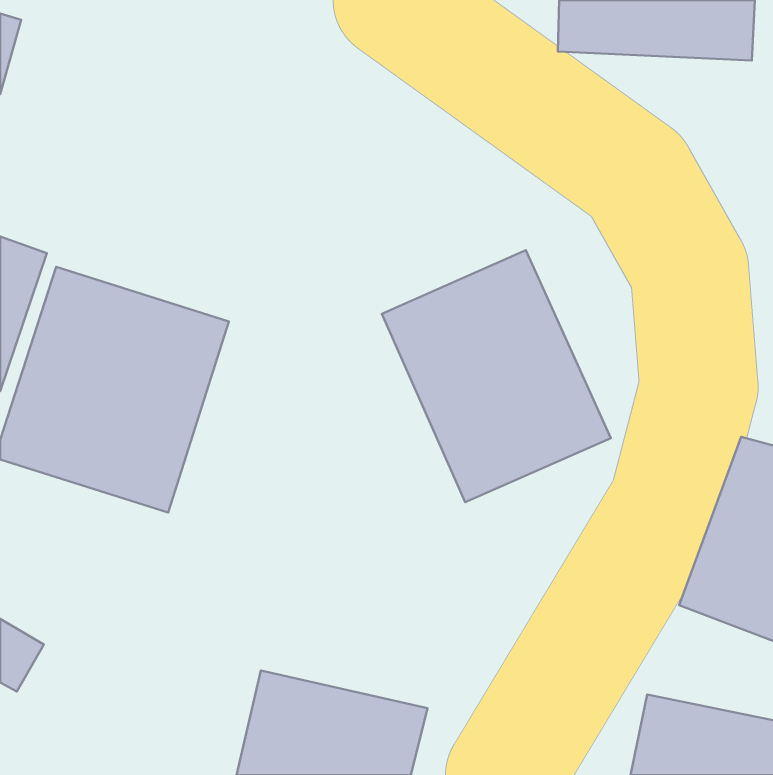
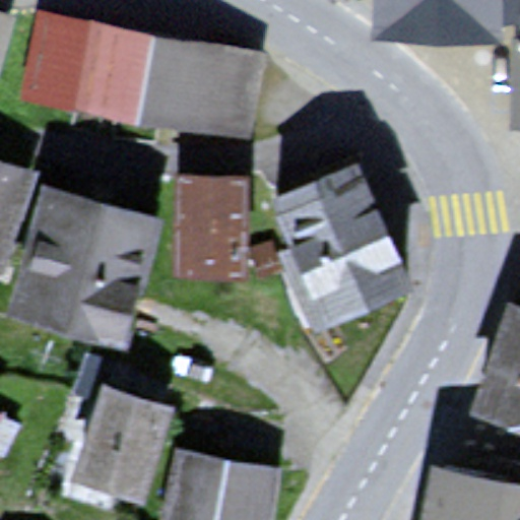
building: none -> [38,17,268,137]
building: none -> [172,178,251,279]
building: none -> [66,381,174,503]

